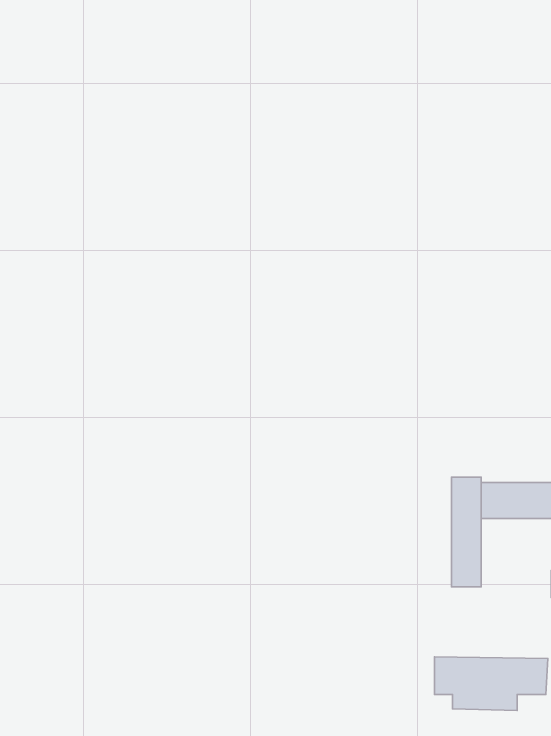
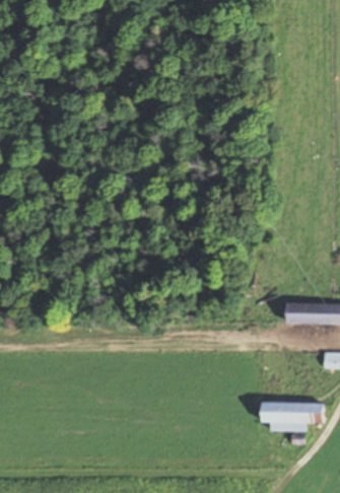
building: [452,477,481,587] -> none

